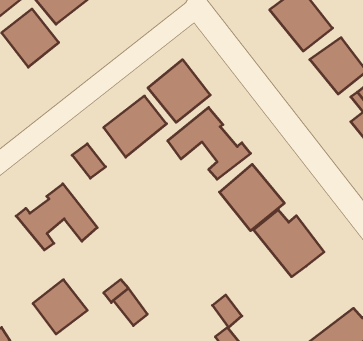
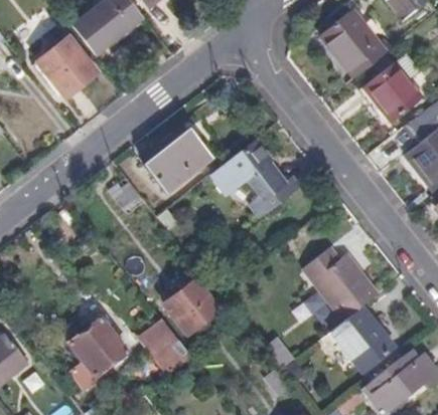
building: [148,60,210,122] -> none
building: [219,164,284,231] -> none
building: [16,184,97,250] -> none
building: none -> [165,279,218,334]
building: none -> [327,306,392,373]

